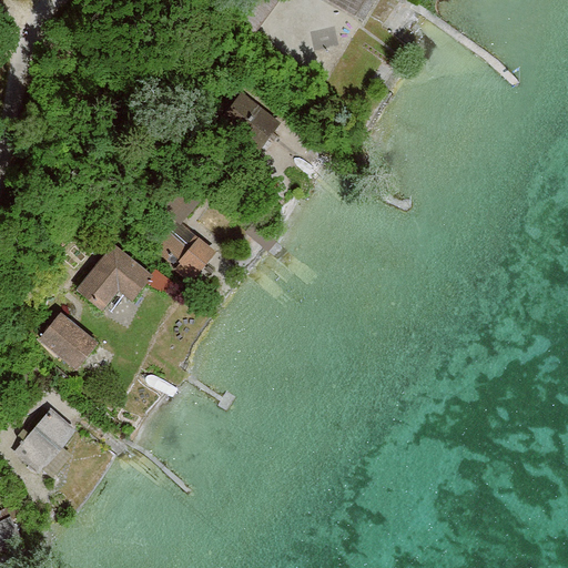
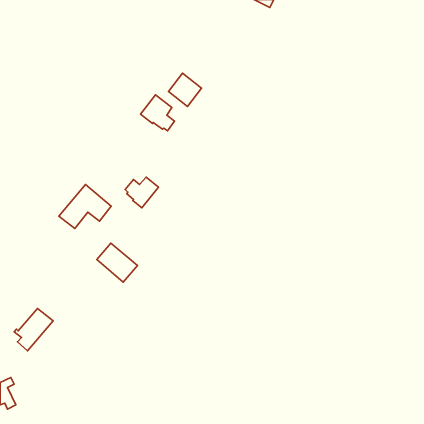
building: none -> [140,95,175,131]
building: [41,313,95,365] -> [97,243,137,282]

